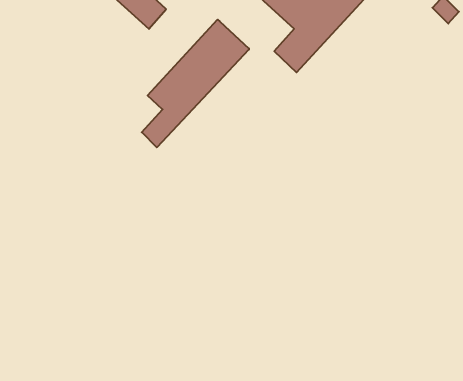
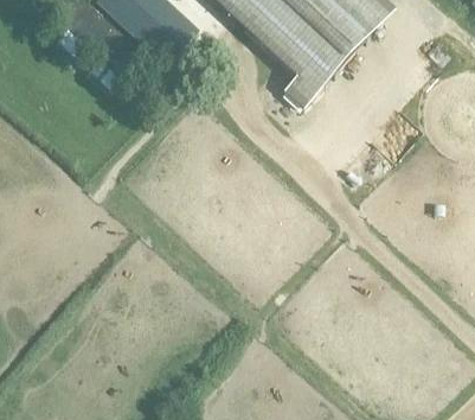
building: [142,20,249,147] -> none

